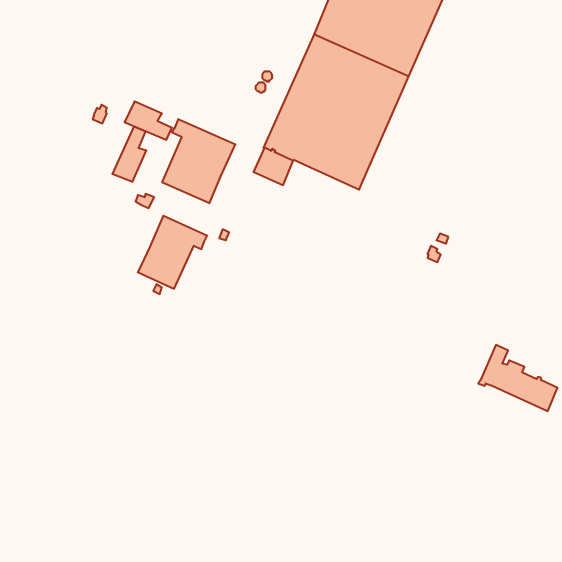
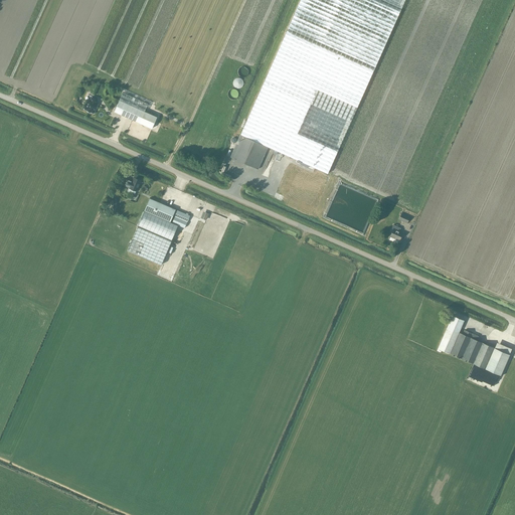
building: [162,119,235,203] -> none
building: [112,126,146,182] -> none

